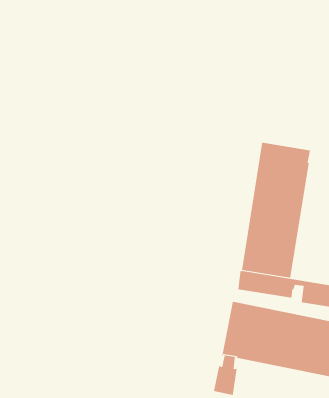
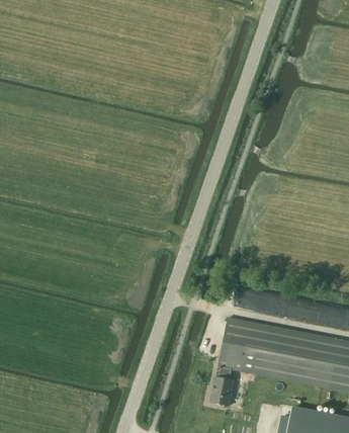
building: [241,142,312,278] -> none

